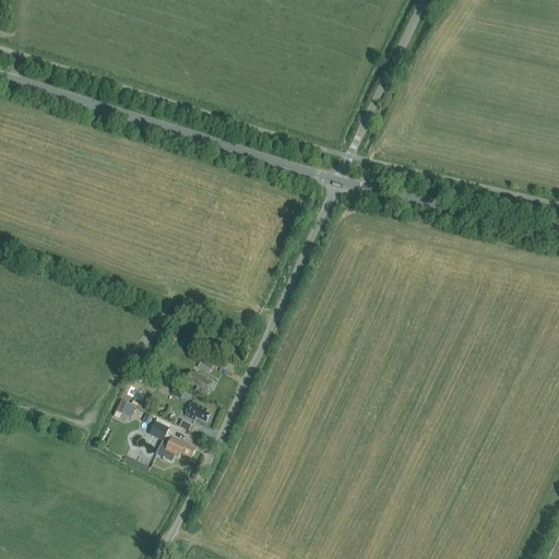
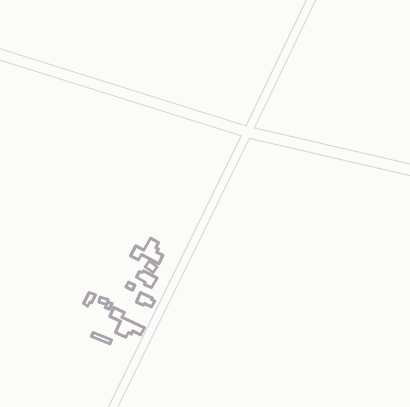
building: none -> [131,238,163,264]

